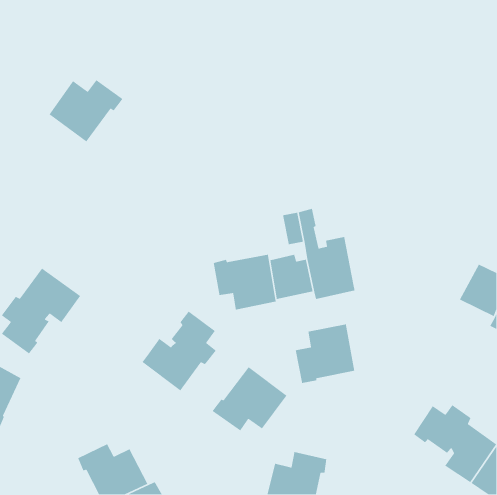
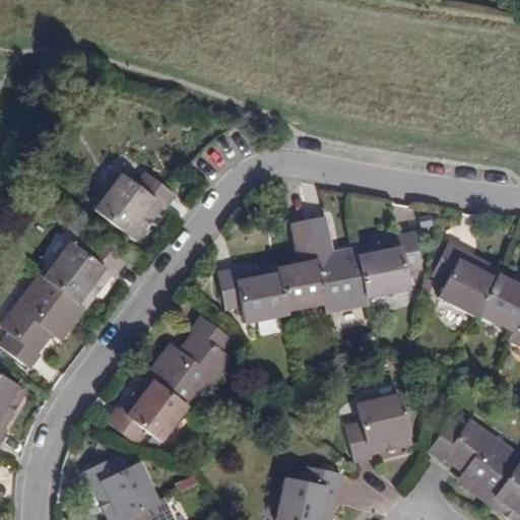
building: [48,79,124,143] -> [94,174,173,240]
building: none -> [359,232,421,298]
building: none -> [432,241,500,315]
building: none -> [44,243,121,308]
building: [295,323,355,384] -> [348,394,411,457]
building: [211,366,288,432] -> [109,377,188,445]

